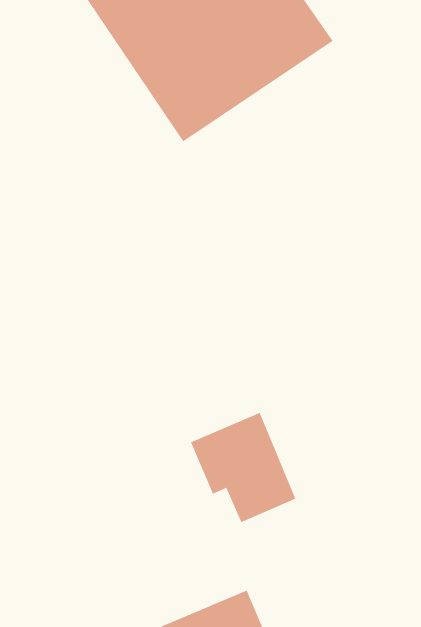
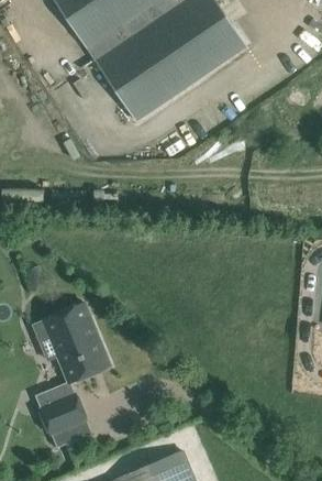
building: [190,412,296,523] -> [32,303,110,384]
building: none -> [40,395,91,448]

